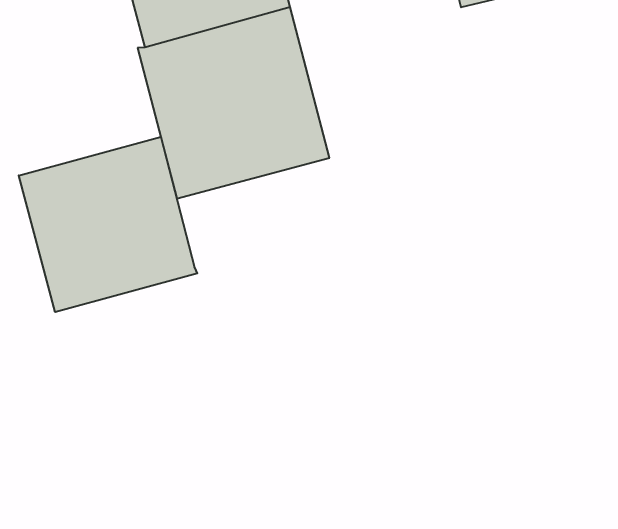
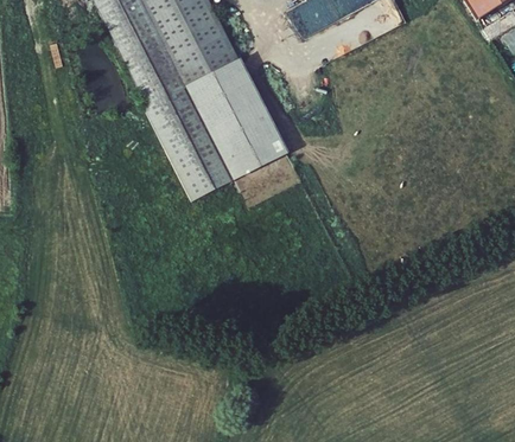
building: [19,137,197,312] -> none

